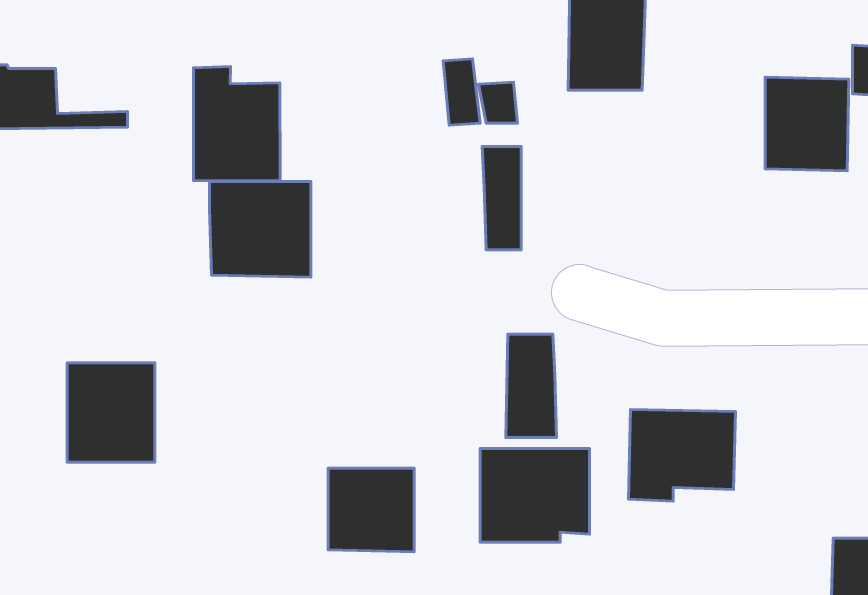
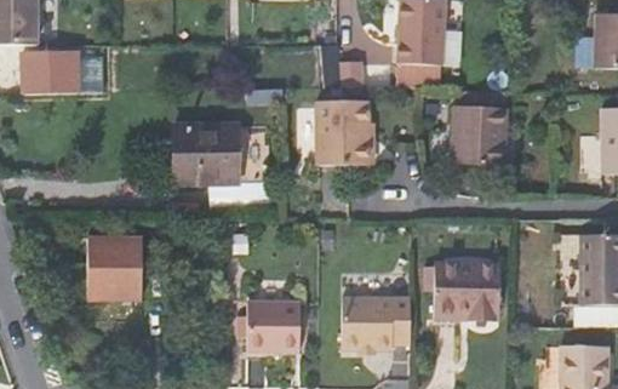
building: [193,67,280,181] -> none
building: [765,77,849,171] -> [456,104,508,162]
building: [506,334,557,437] -> [314,101,345,165]

